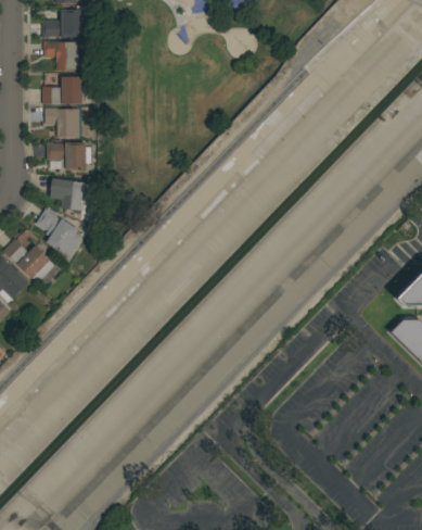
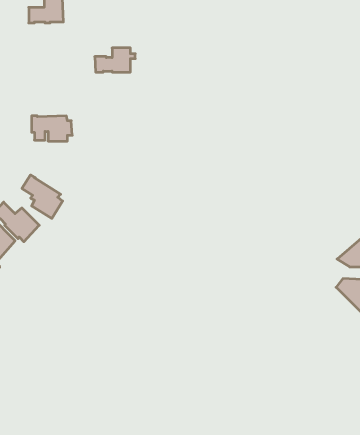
building: [42,39,79,68] -> none
building: [41,75,87,102] -> [95,48,135,72]
building: [44,106,78,136] -> none
building: [49,176,86,209] -> none

